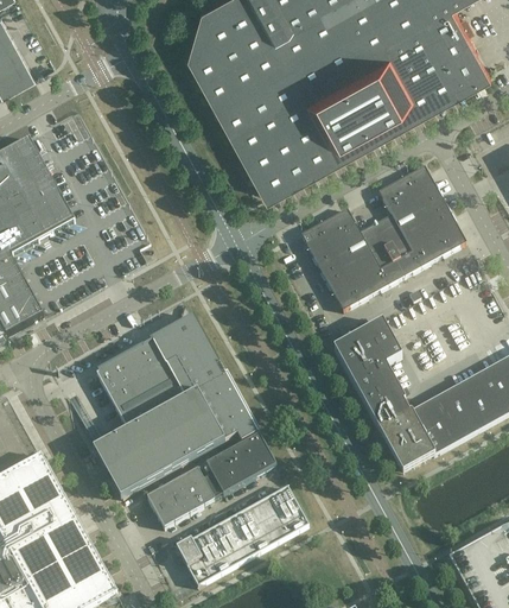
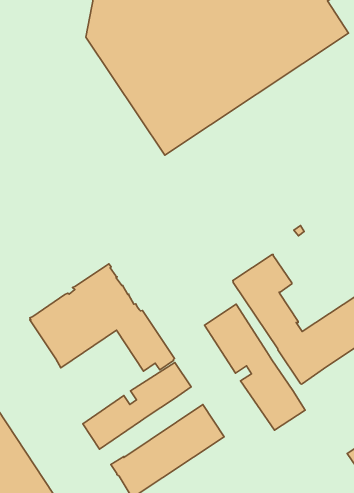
building: [300,165,466,310] -> none
building: none -> [205,304,305,430]
building: [89,392,224,498] -> none

